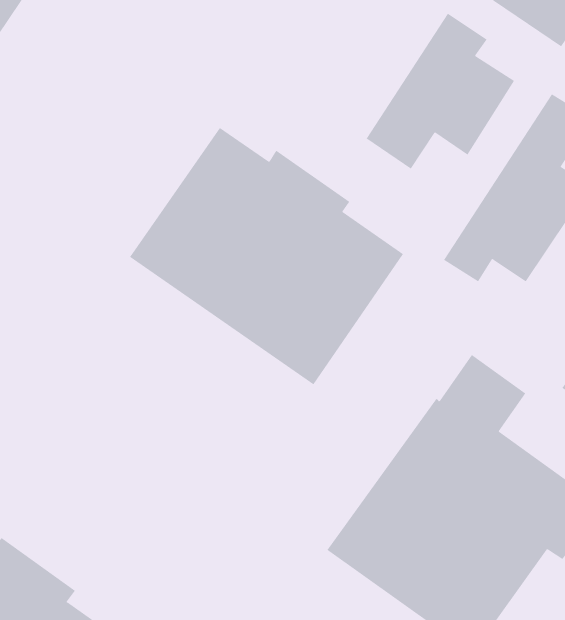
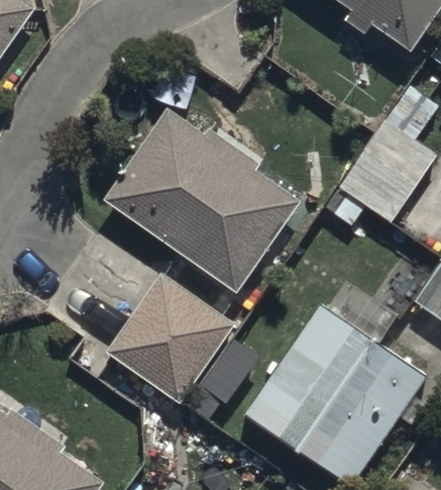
building: [366,13,515,169] -> none
building: none -> [106,275,234,403]

